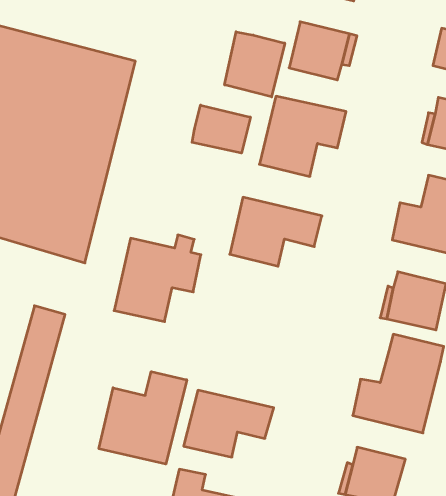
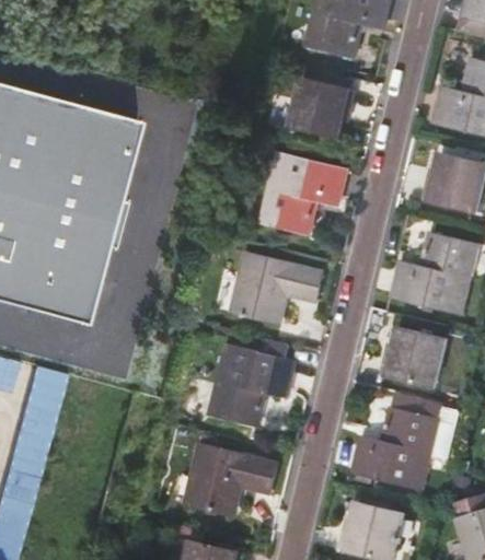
building: [225,32,285,97] -> none
building: [192,105,250,153] -> none
building: [114,235,201,322] -> [209,341,296,428]
building: [99,372,187,464] -> none

